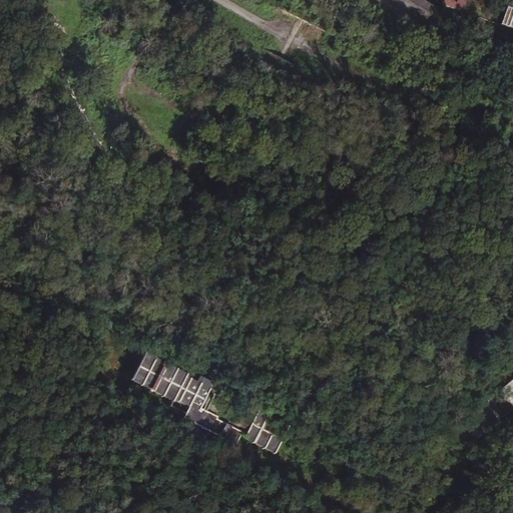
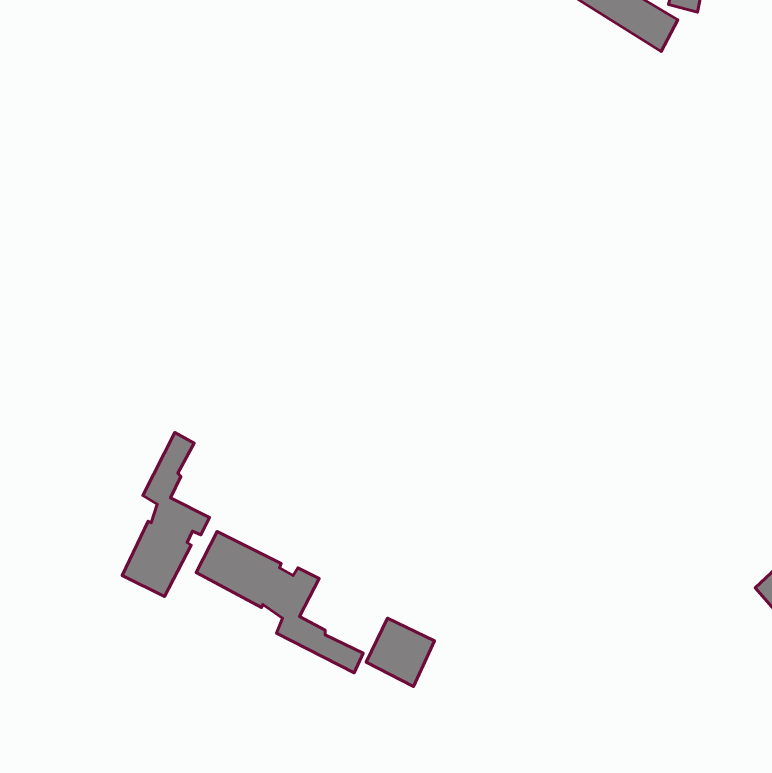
building: none -> [122,433,210,597]

